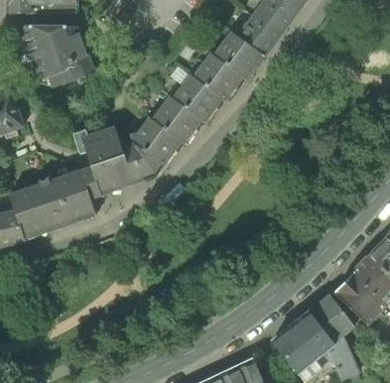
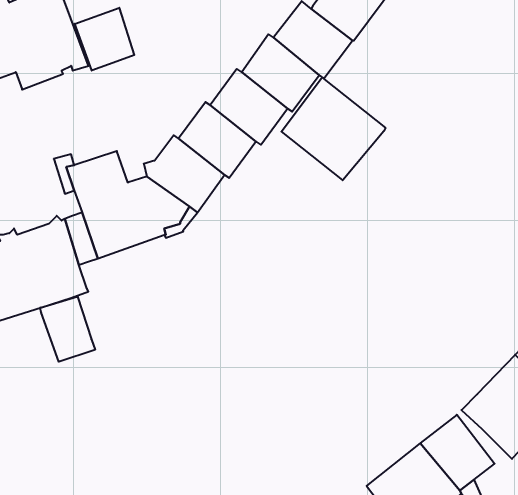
building: none -> [75,8,134,71]
building: none -> [281,77,385,180]
building: none -> [40,296,95,362]

